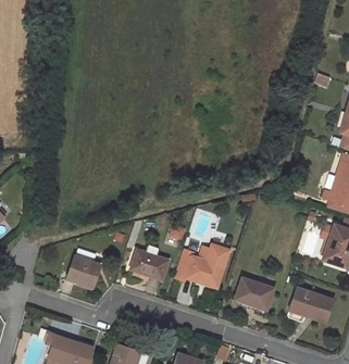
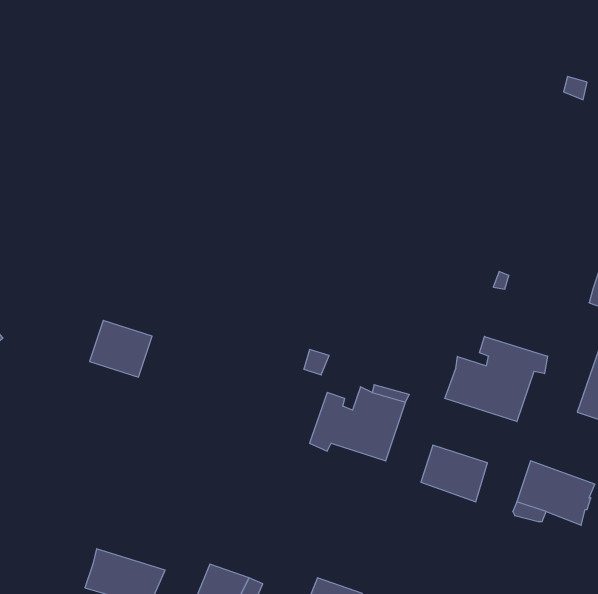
building: none -> [445,336,548,422]
building: [130,244,169,280] -> none
building: [66,256,101,288] -> [90,320,152,377]

